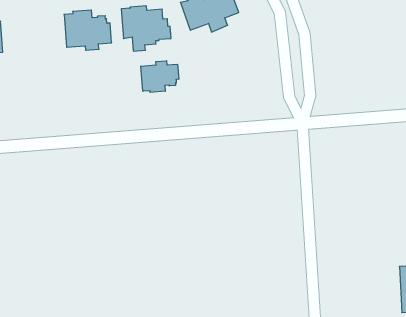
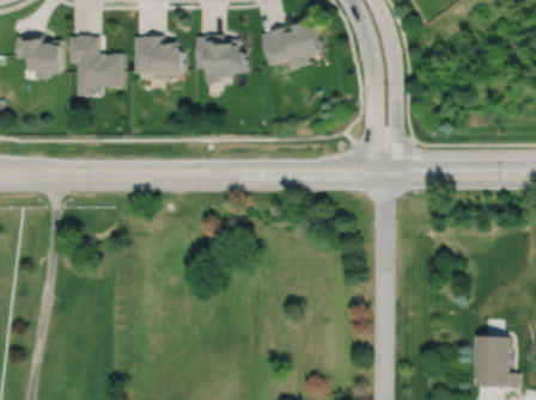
building: none -> [69,35,121,96]
building: [141,61,179,92] -> none

